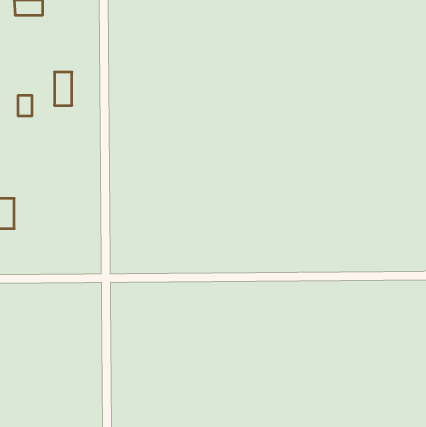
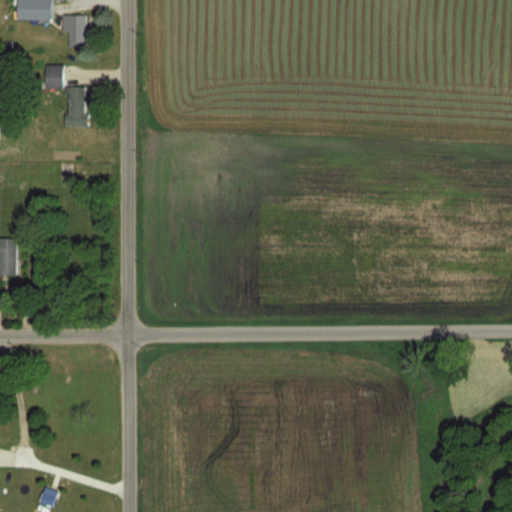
building: none -> [67,14,84,47]
building: [18,96,32,116] -> [45,65,62,89]

